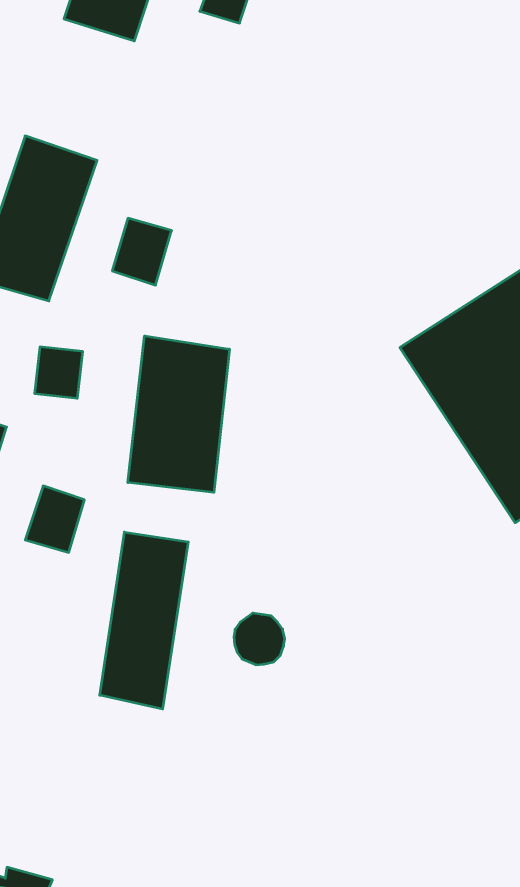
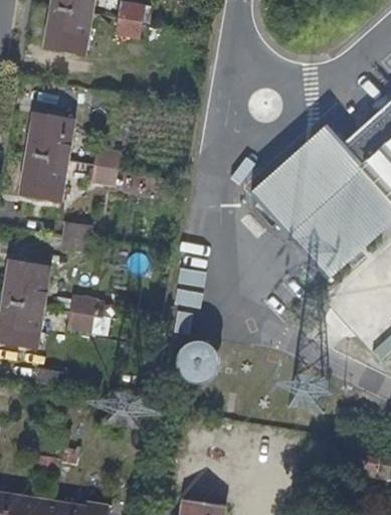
building: [128,336,229,492] -> none
building: [100,532,188,709] -> none

